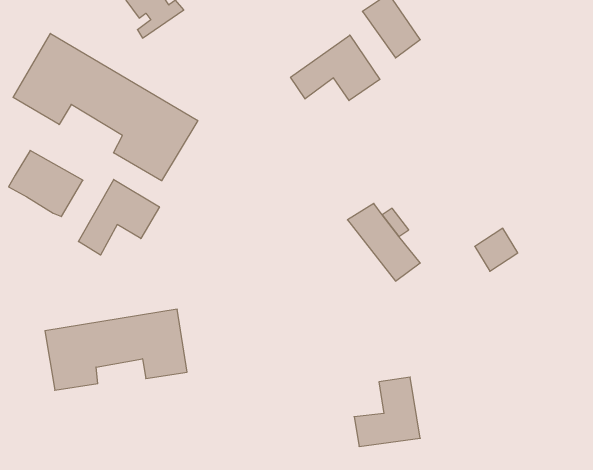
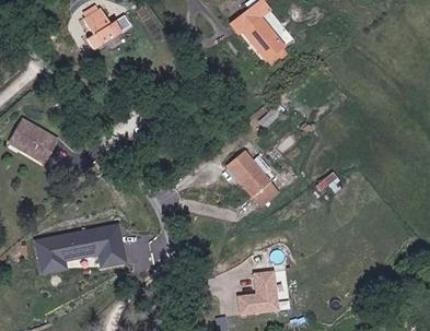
building: [13,33,198,181] -> none
building: [291,35,380,101] -> none
building: [78,179,159,255] -> none

